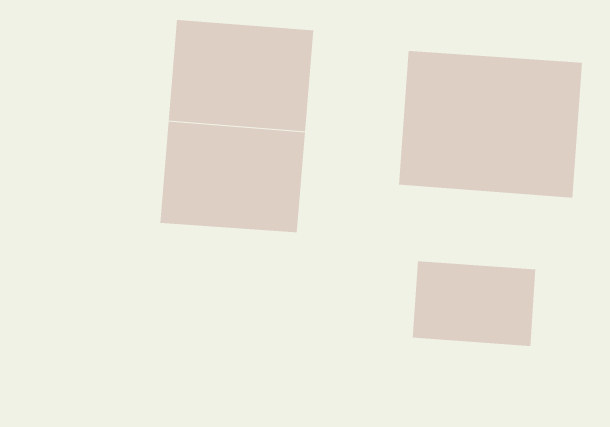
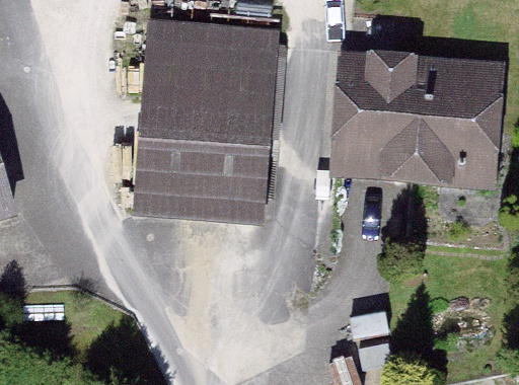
building: [412,260,536,347] -> none

